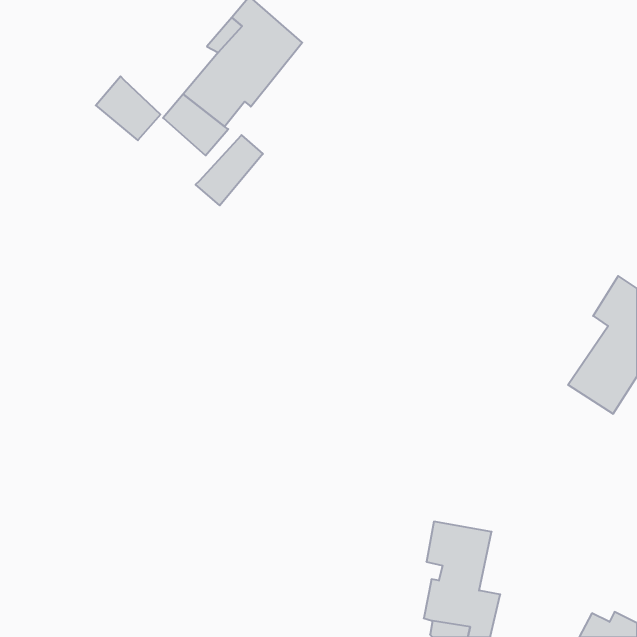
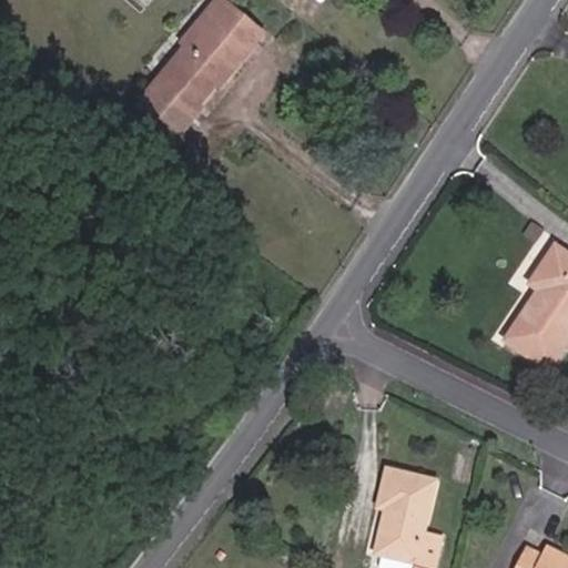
building: [96,76,160,140] -> none
building: [196,135,263,205] -> none

